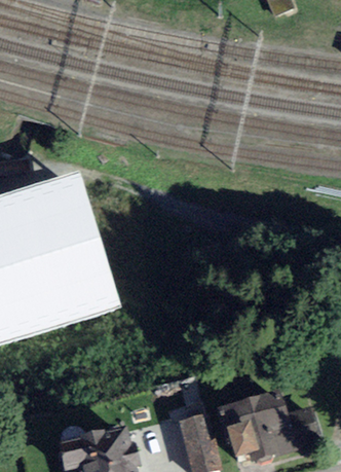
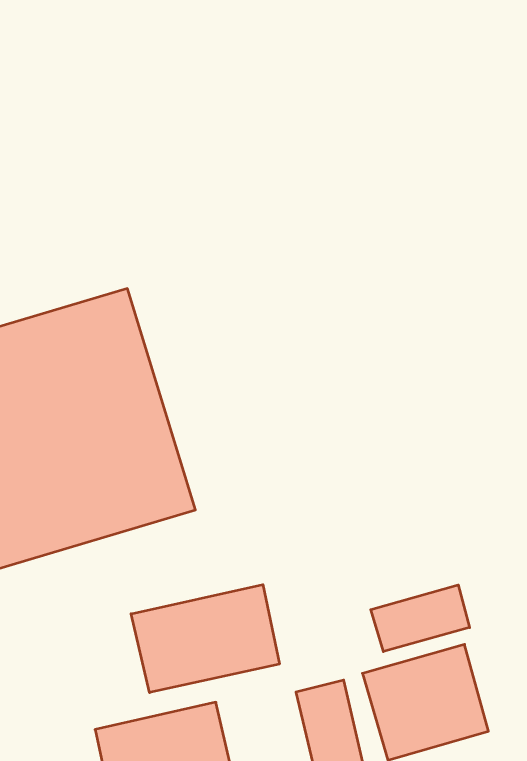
building: none -> [131,585,279,693]
building: none -> [371,585,470,652]

